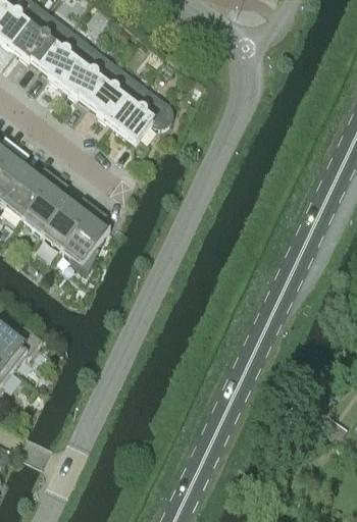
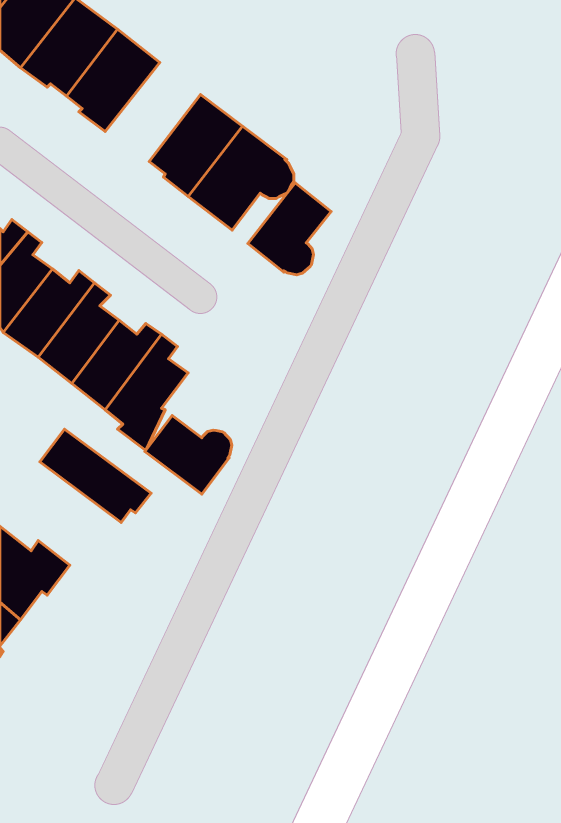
building: [61,49,116,106] -> none
building: none -> [248,183,331,275]
building: none -> [145,415,232,494]
building: none -> [40,429,151,522]

